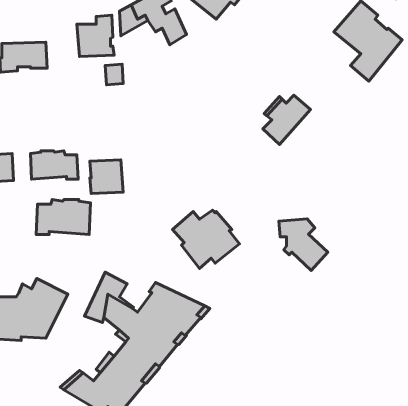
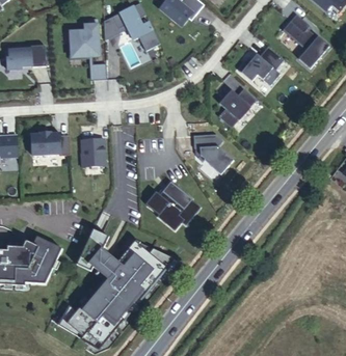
building: none -> [242,47,285,83]
building: [36,200,91,235] -> none
building: [279,219,328,270] -> [193,133,233,174]

